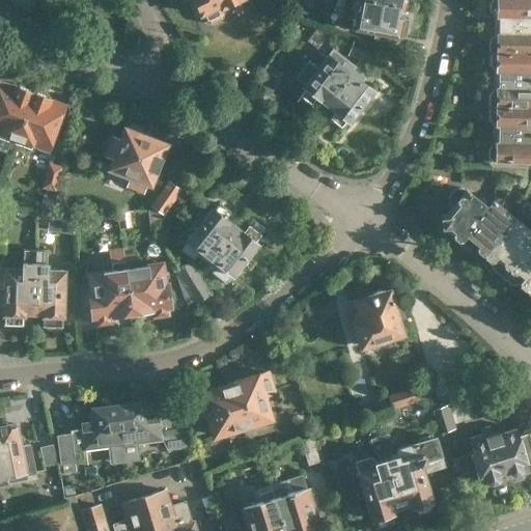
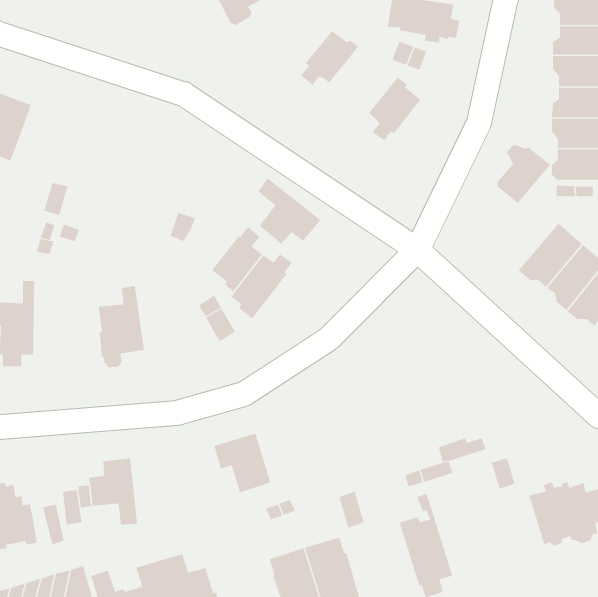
building: [302,56,354,105] -> [300,30,359,86]
building: [17,95,62,150] -> none
building: [103,124,167,185] -> none
building: none -> [257,178,321,245]
building: [441,188,488,241] -> [497,144,551,204]
building: [34,250,64,327] -> none
building: [123,253,170,319] -> none
building: [351,288,403,354] -> none
building: [229,372,274,427] -> none
building: [119,402,194,464] -> none
building: [380,434,445,515] -> none

